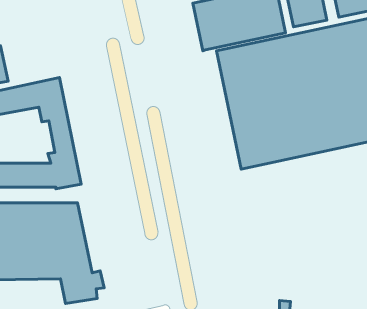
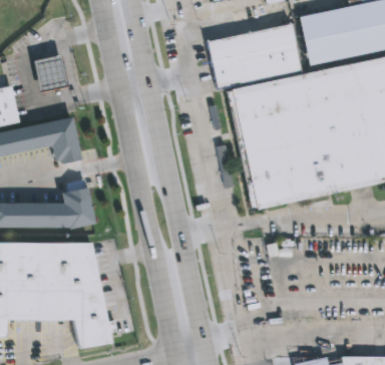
building: none -> [35,53,70,91]

